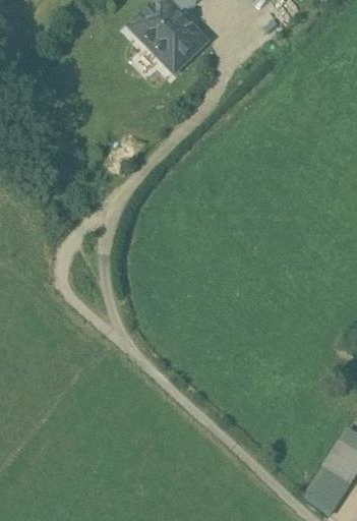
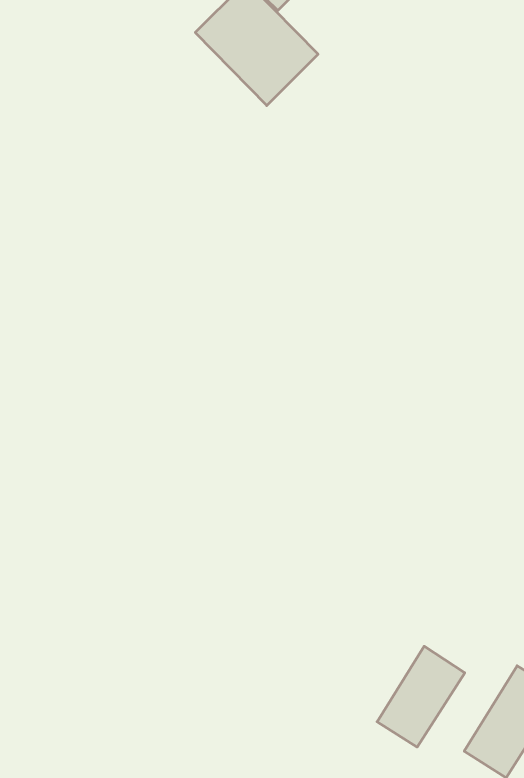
building: none -> [377,646,465,747]

